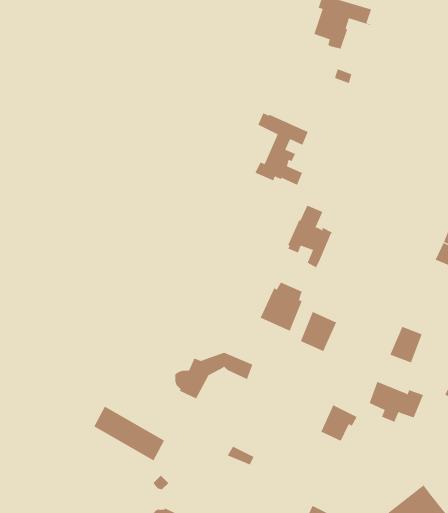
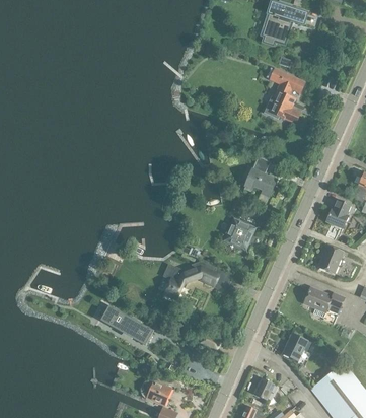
building: [255,112,308,185] -> [265,68,304,122]
building: none -> [326,199,352,228]
building: [300,311,337,352] -> none
building: [320,404,358,442] -> [284,333,311,360]

